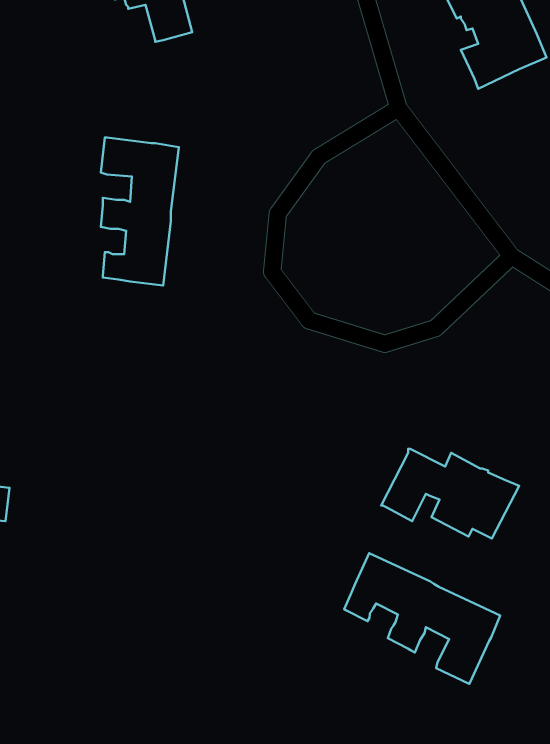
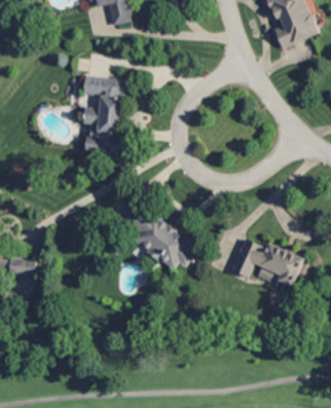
building: none -> [122,202,194,269]
building: [344,553,500,684] -> none

